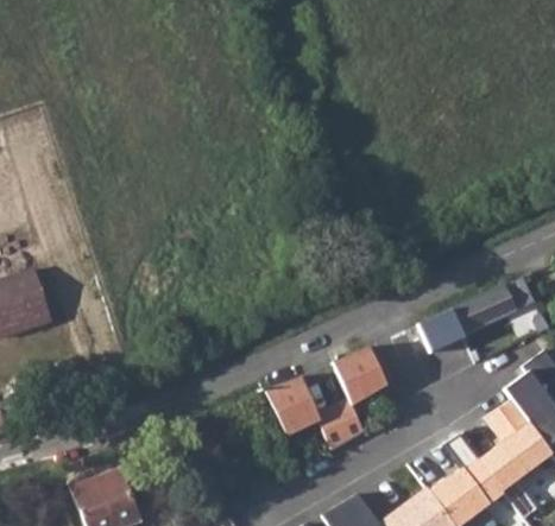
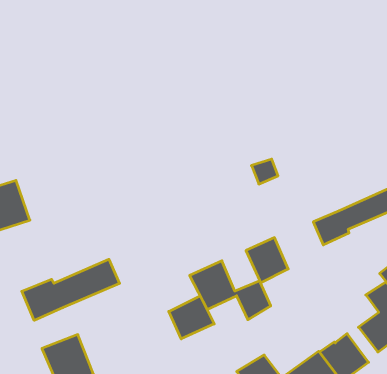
building: none -> [22,259,120,320]
building: none -> [169,296,214,339]

